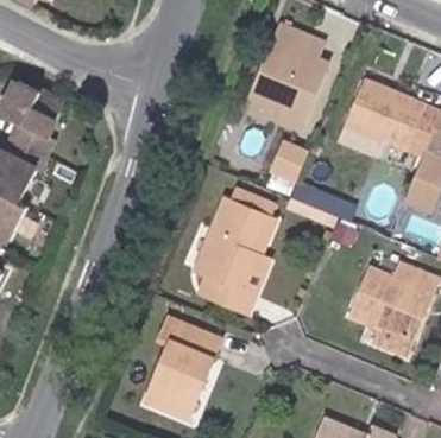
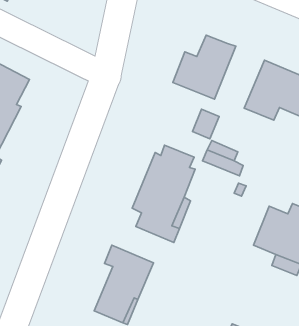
building: [263,24,323,74] -> none

